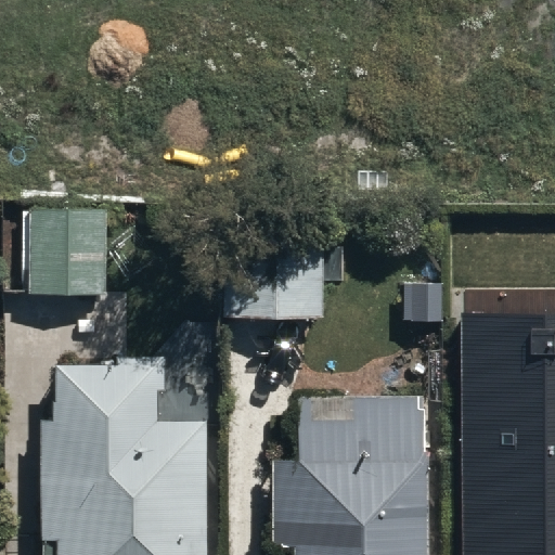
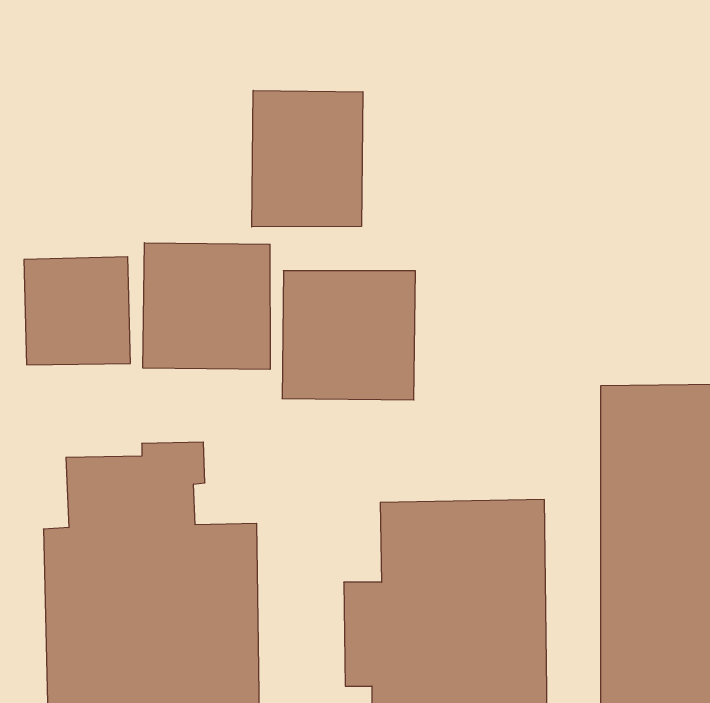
building: none -> [252,90,363,227]
building: none -> [143,243,270,369]

